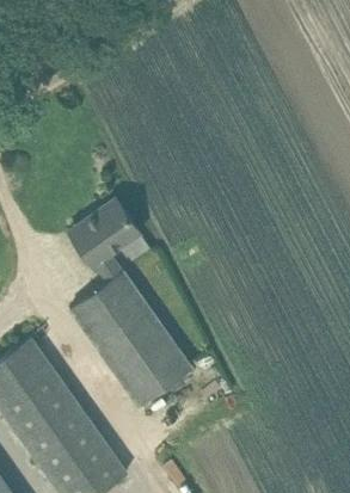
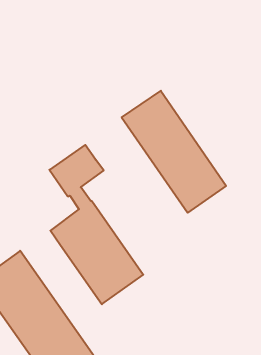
building: none -> [122,91,226,213]

